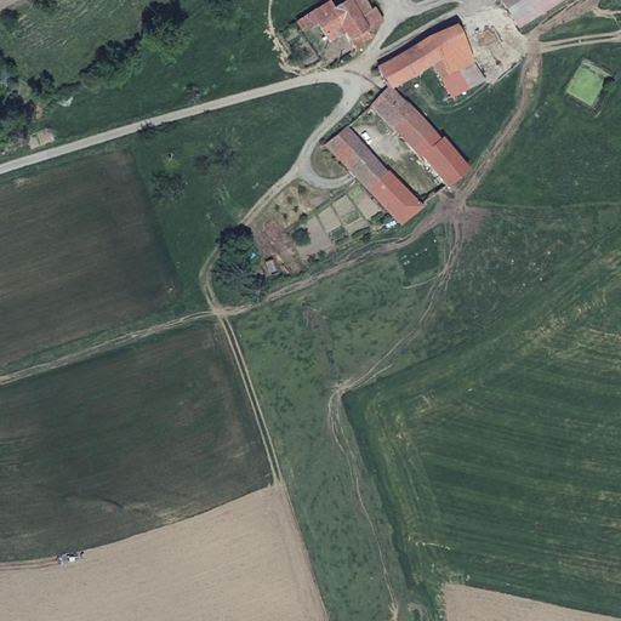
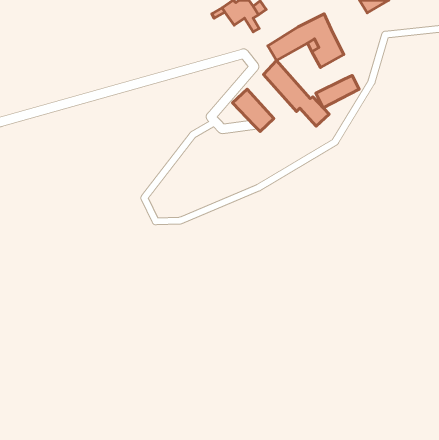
building: none -> [316,75,359,108]
building: [369,169,418,216] -> none

